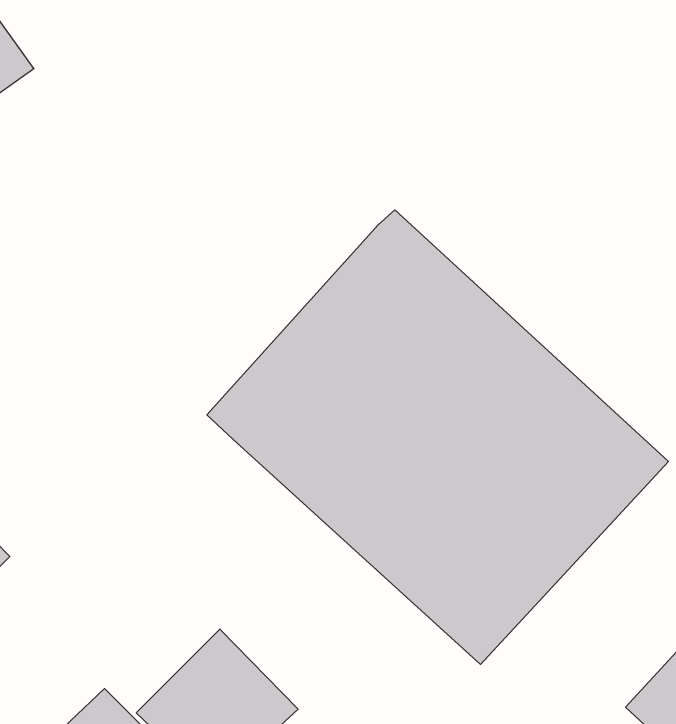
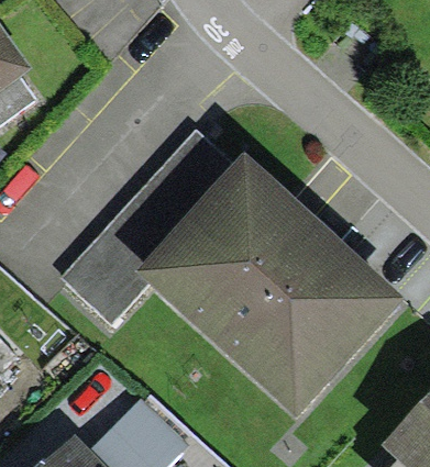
building: none -> [62,126,235,325]

